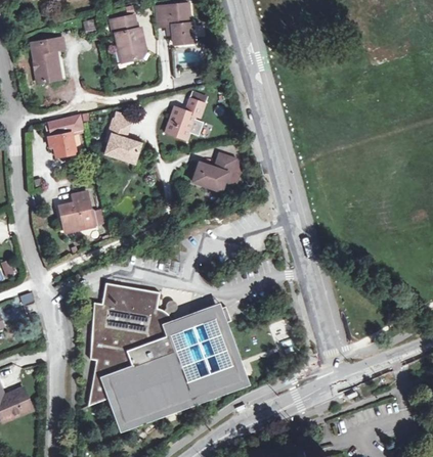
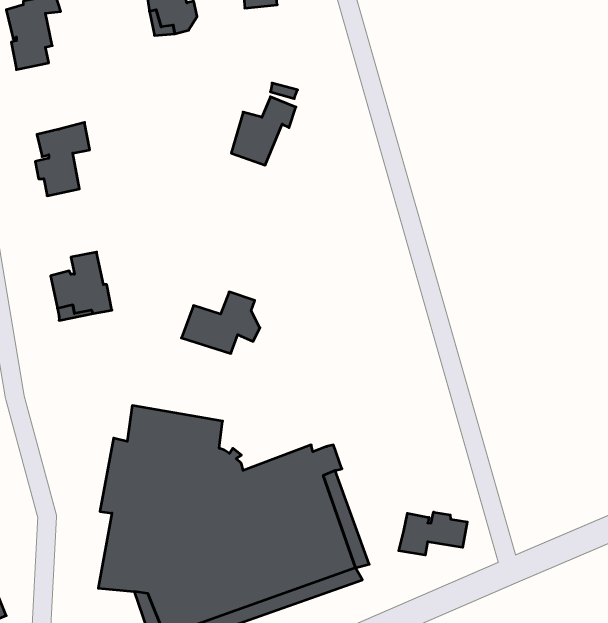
building: [105,119,141,164] -> none
building: [192,154,240,191] -> [181,292,260,353]
building: none -> [399,512,467,555]

